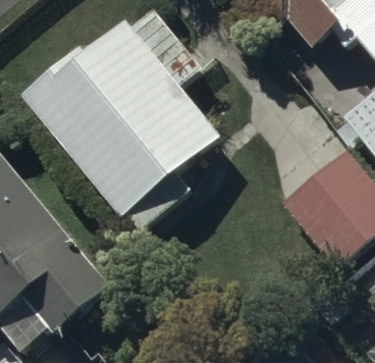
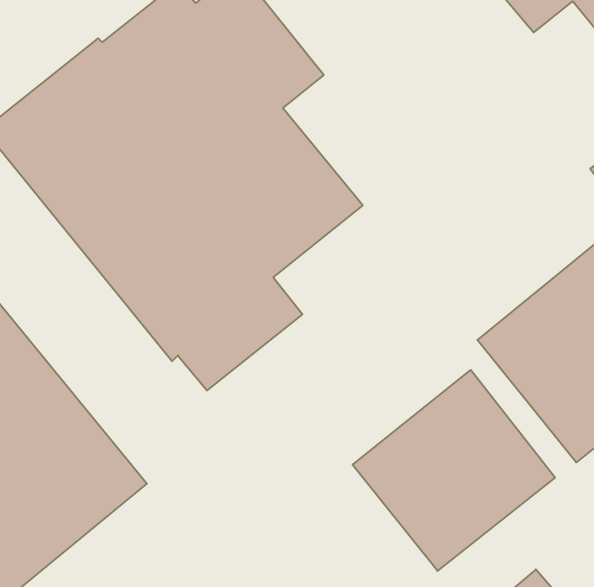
building: none -> [353,370,555,571]

